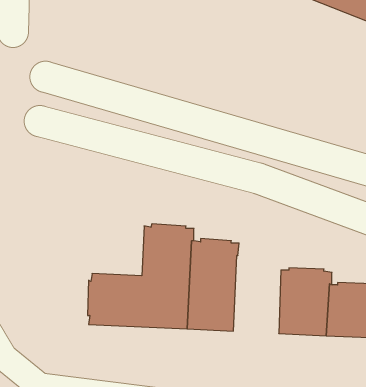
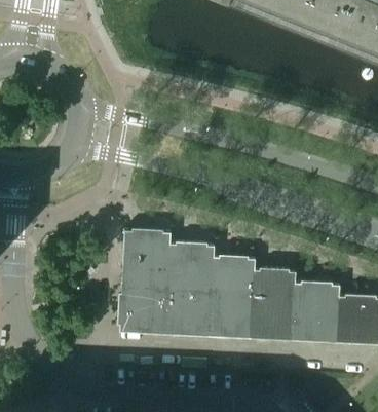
building: none -> [121,228,171,289]
building: none -> [250,268,296,341]

